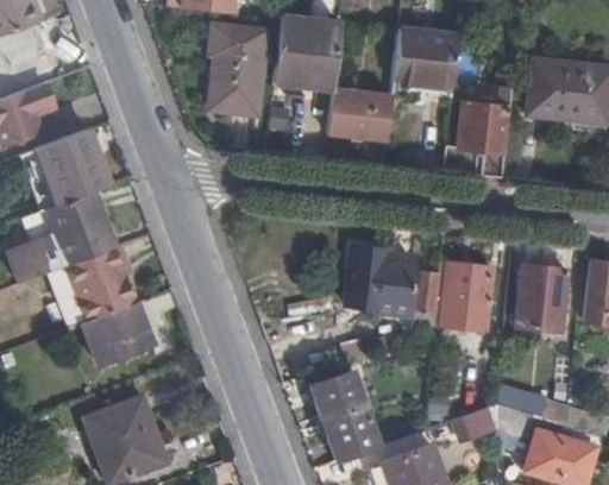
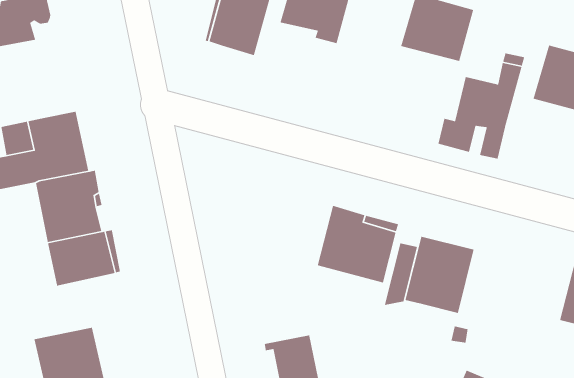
building: [327,90,391,139] -> none
building: [39,131,108,204] -> none
building: [517,266,567,332] -> none

